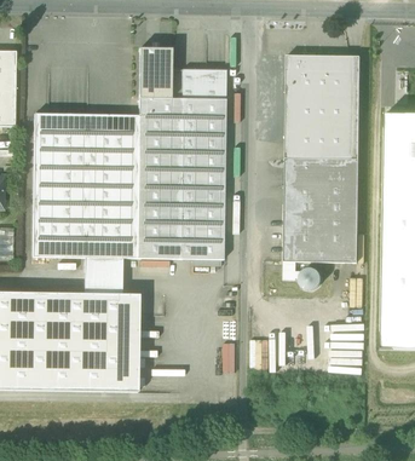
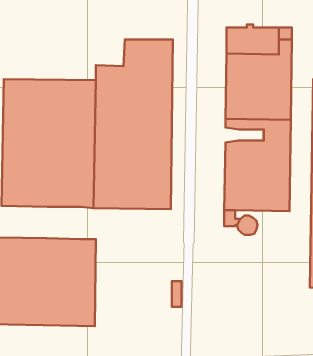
building: [138,48,171,99] -> none
building: [284,168,328,185] -> none
building: [82,258,121,294] -> none

